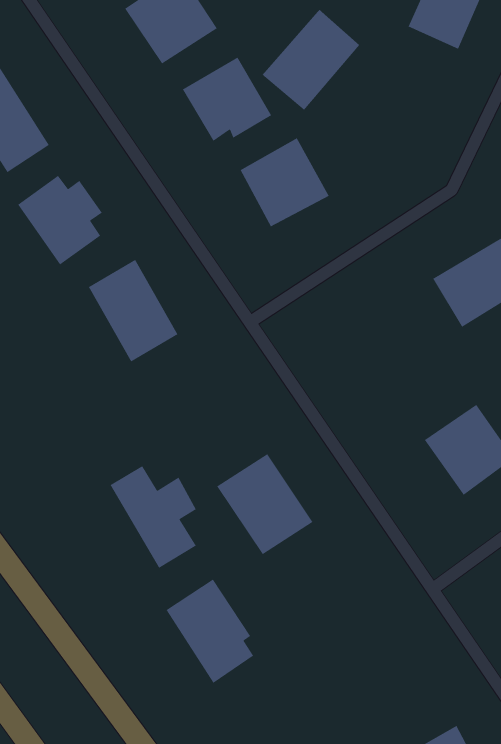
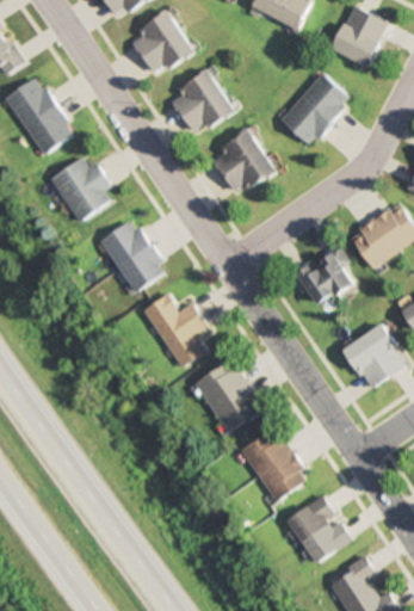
building: [261,9,360,111] -> [279,72,351,146]
building: none -> [299,248,357,306]
building: [110,465,197,569] -> [142,292,205,368]
building: [165,578,254,684] -> [240,425,304,501]
building: none -> [285,494,352,563]

